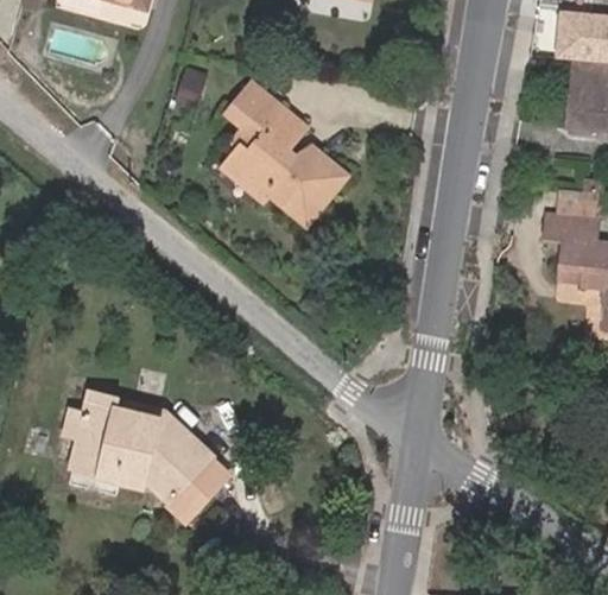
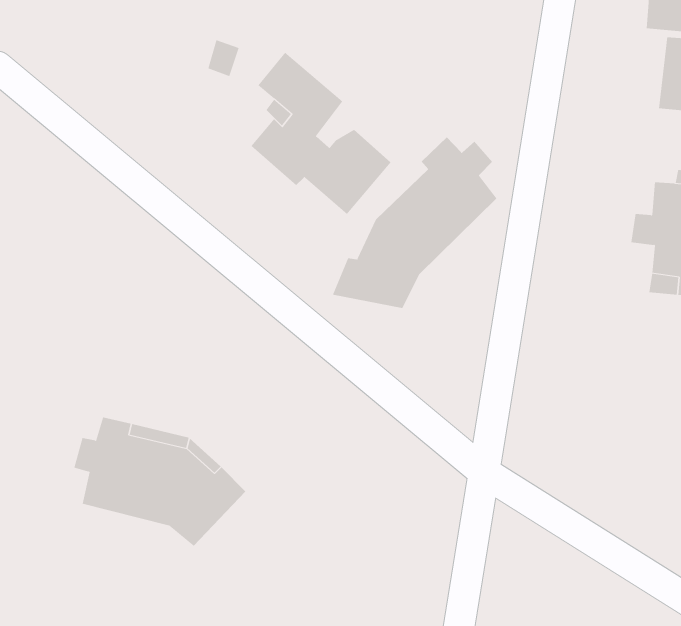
building: none -> [332,136,497,309]
building: [169,458,233,524] -> none

